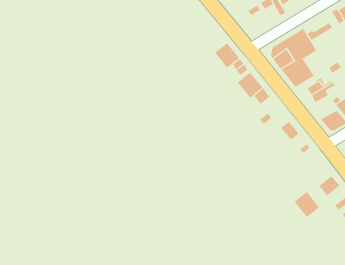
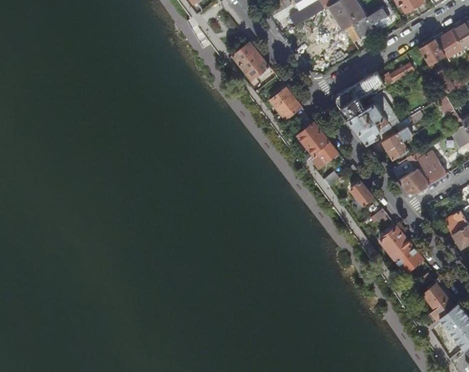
building: none -> [232,42,269,87]
building: [294,191,320,218] -> [380,228,411,260]

